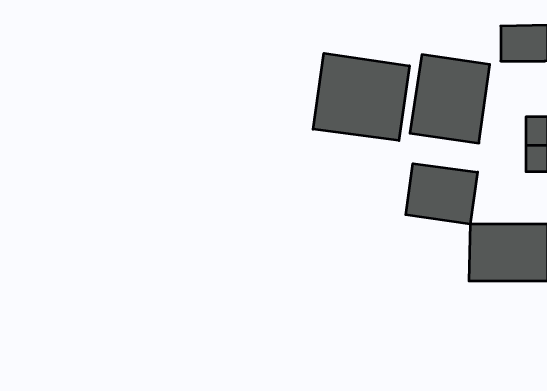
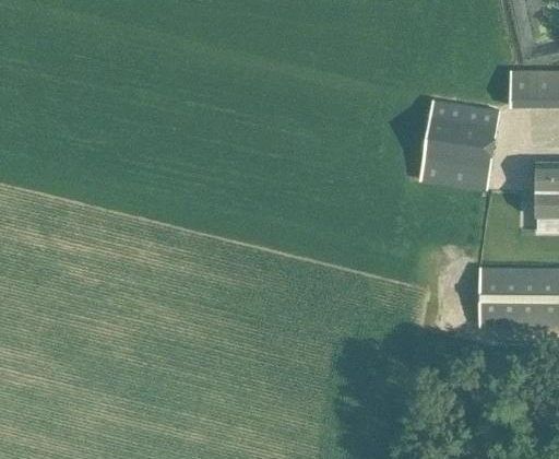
building: [313,53,409,141] -> none
building: [406,164,478,224] -> none

